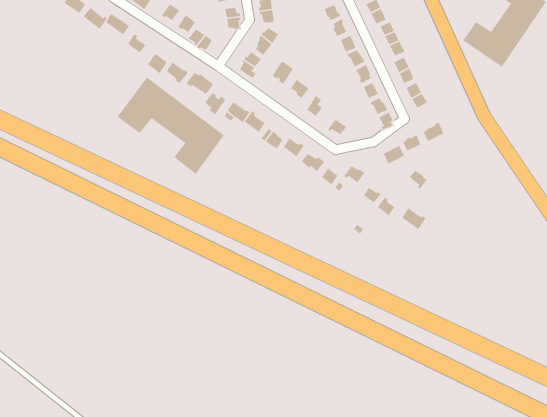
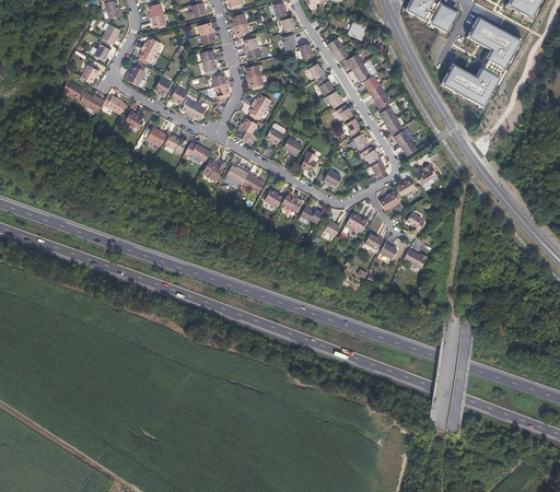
building: [117,76,225,175] -> none

